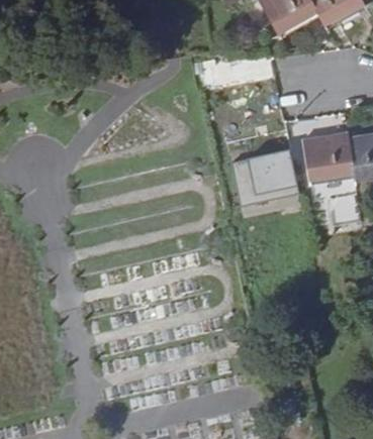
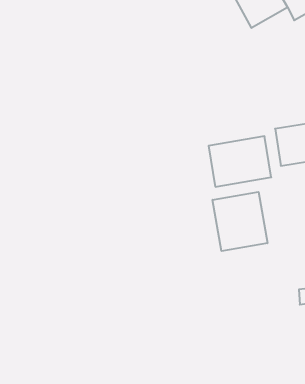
building: none -> [213,192,267,251]

